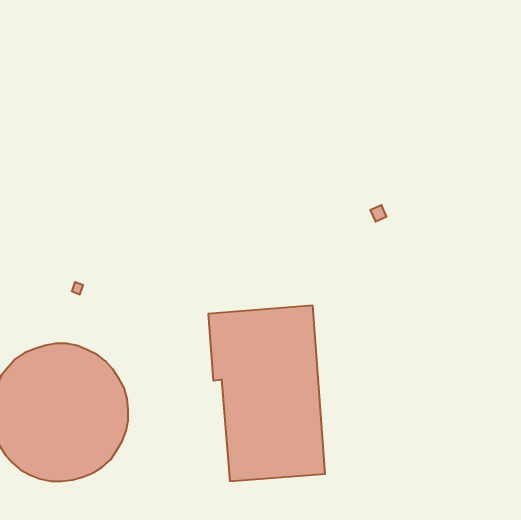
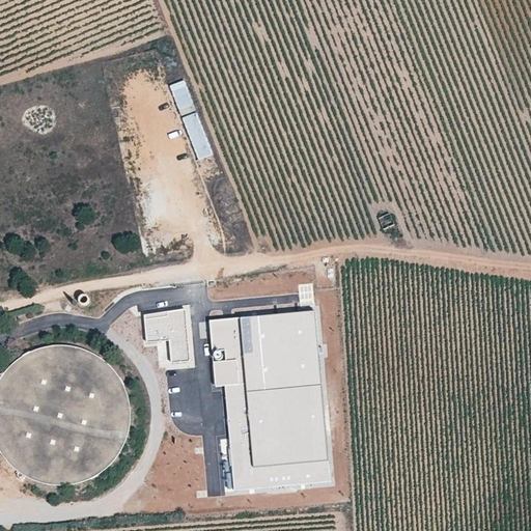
building: none -> [142,309,188,360]

